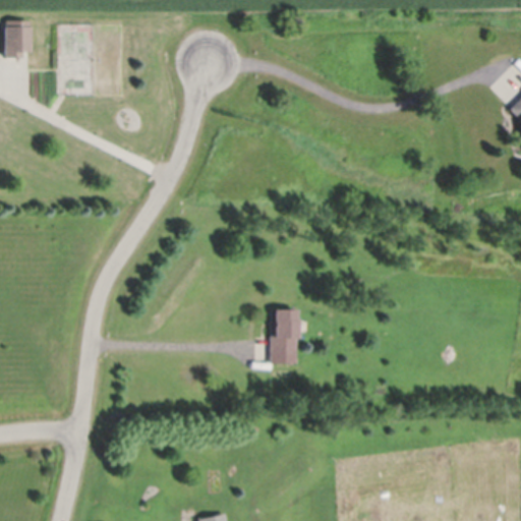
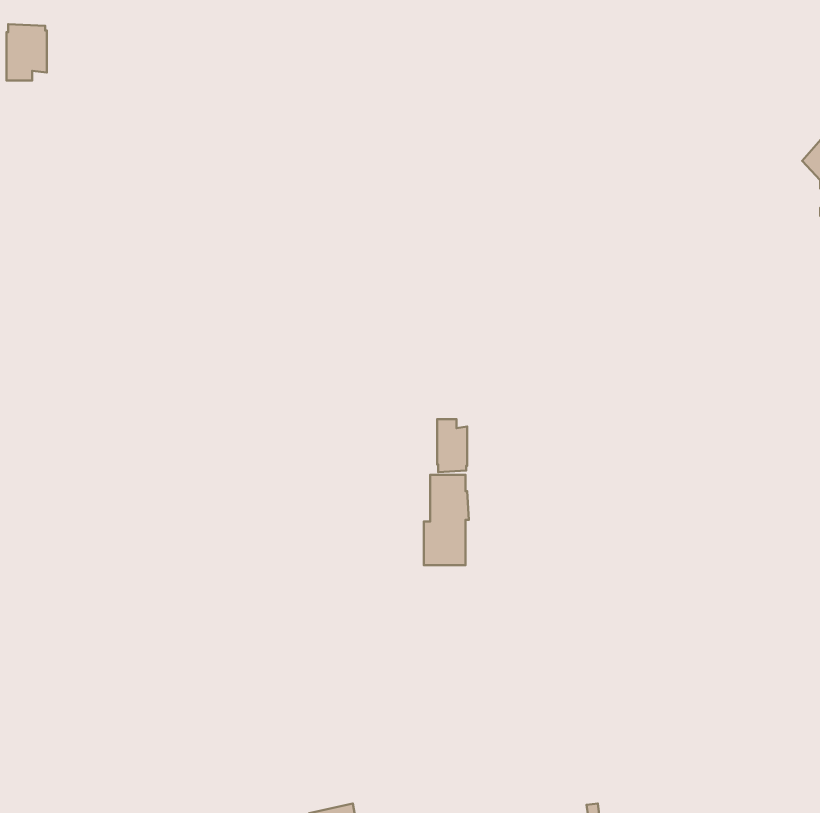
building: none -> [437,419,467,472]

